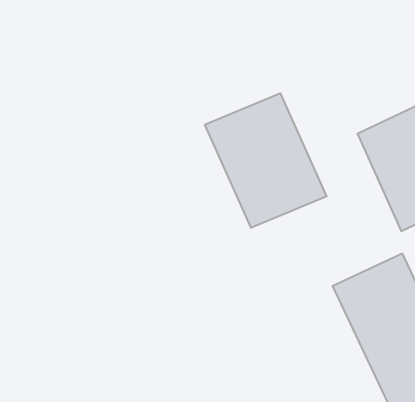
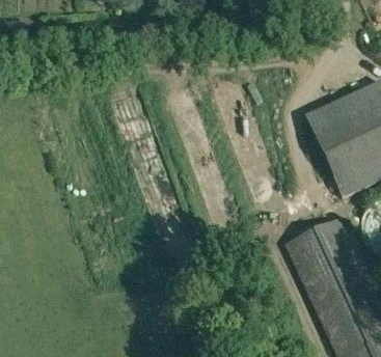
building: [205,93,327,228] -> none

